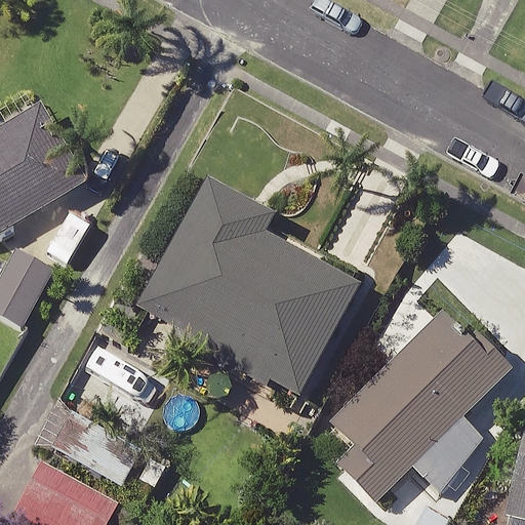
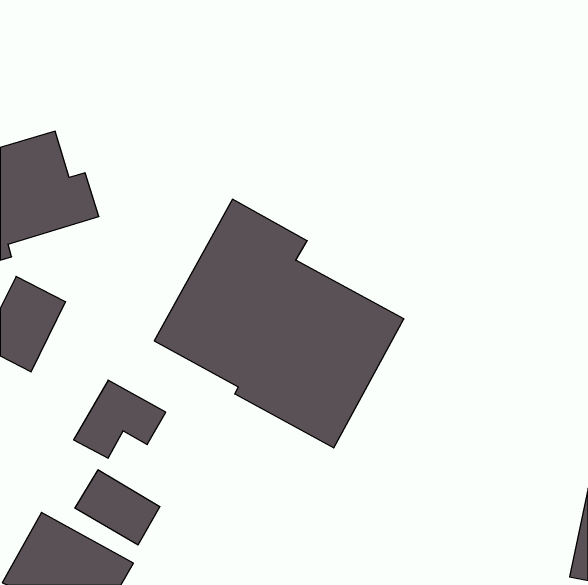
building: [328,297,511,499] -> none

